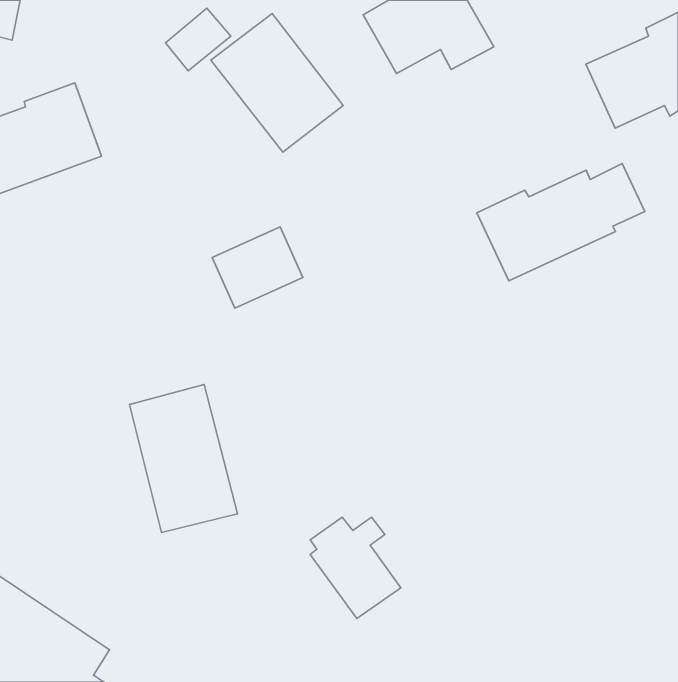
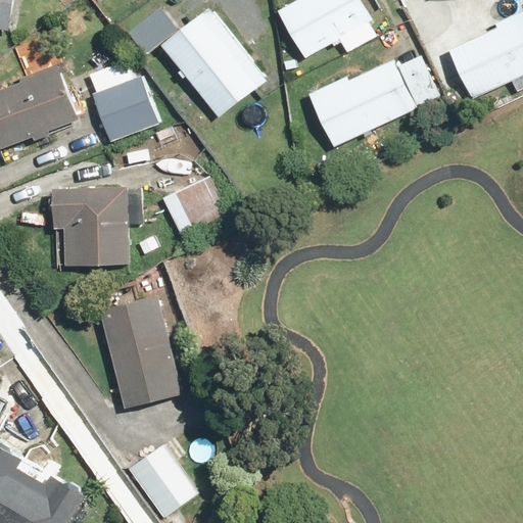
building: none -> [89,57,158,141]
building: [477,163,645,281] -> [308,55,437,145]
building: none -> [52,188,143,265]
building: [310,517,401,619] -> [128,439,197,517]

